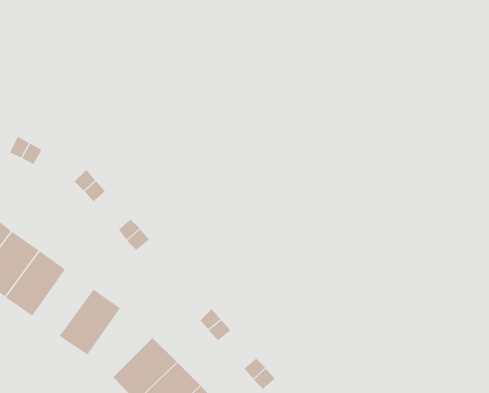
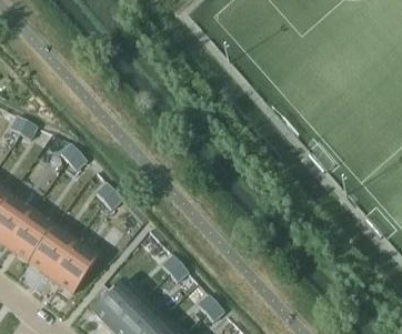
building: none -> [27,223,76,276]

